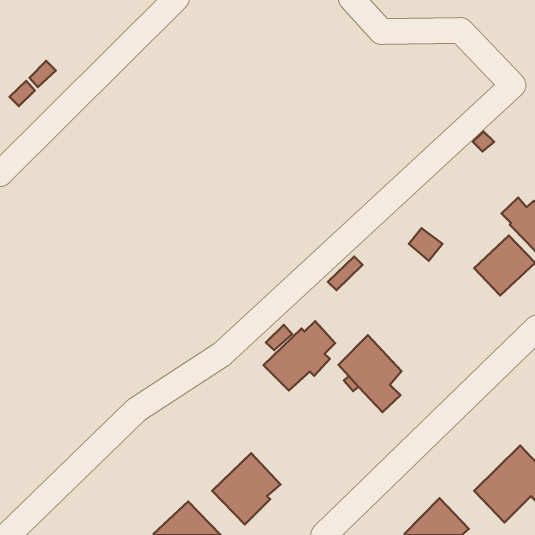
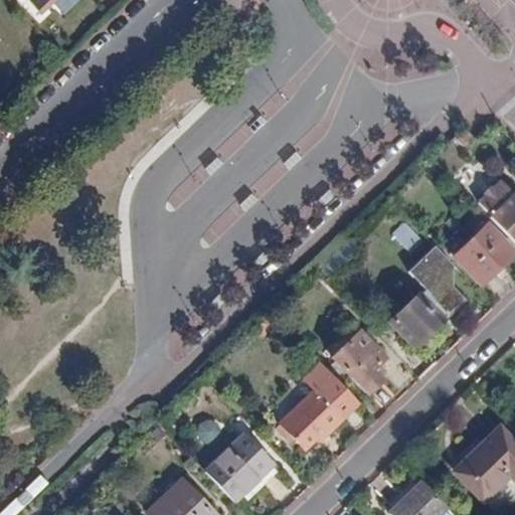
building: none -> [395,246,467,344]
building: [264,321,335,391] -> [280,381,348,448]

